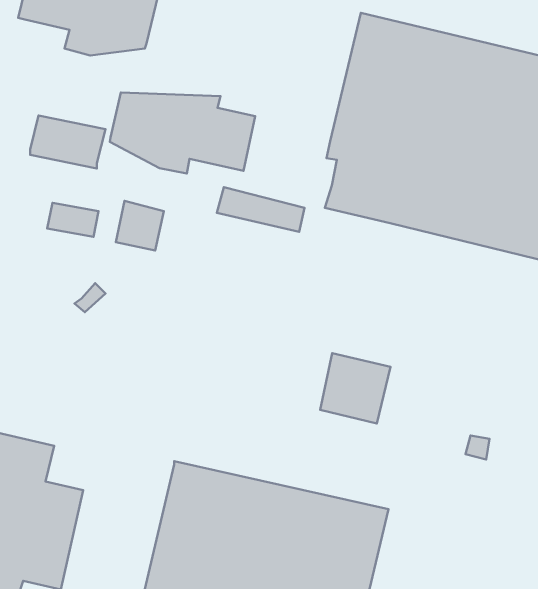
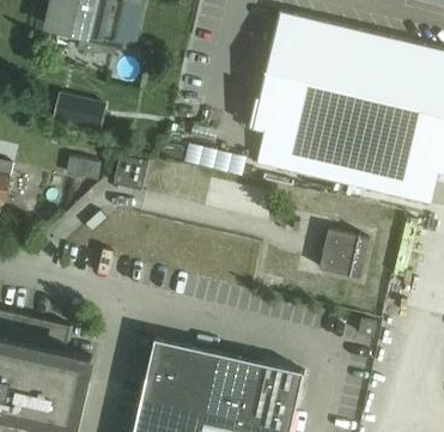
building: [110,93,255,174] -> none
building: [320,353,391,423] -> [320,229,369,278]

